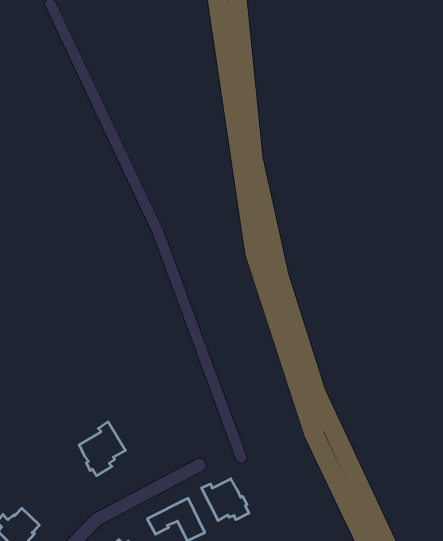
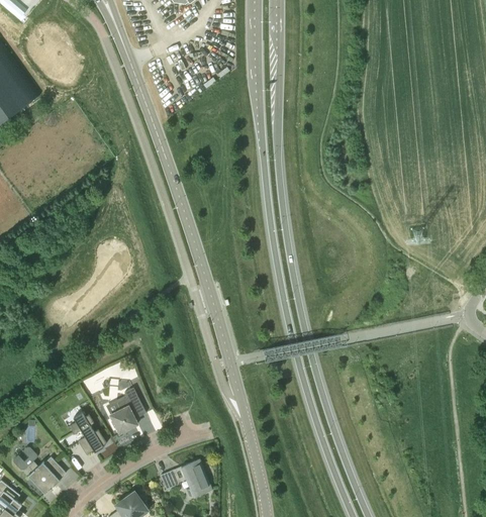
building: none -> [68,412,105,454]
building: [202,479,249,521] -> none

